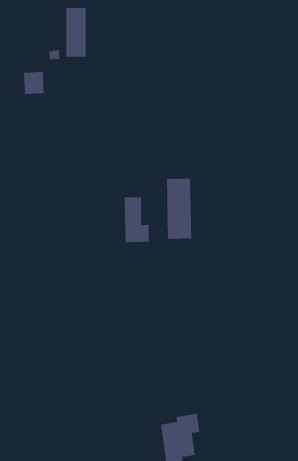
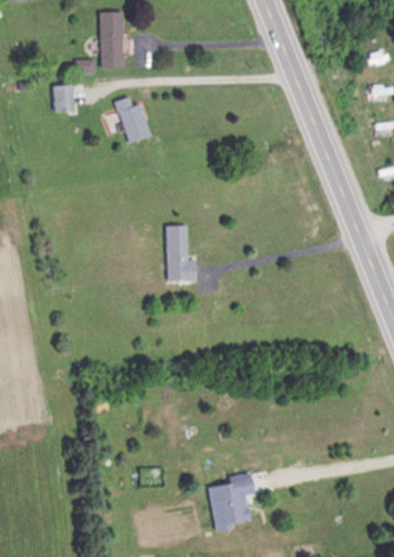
building: none -> [115,95,150,145]
building: [166,178,192,239] -> none

